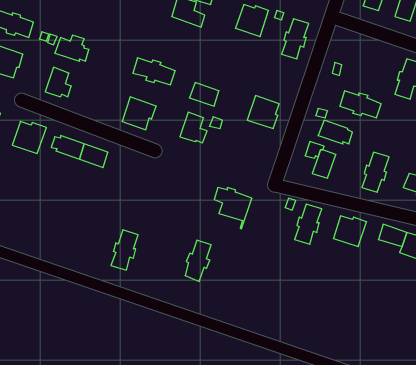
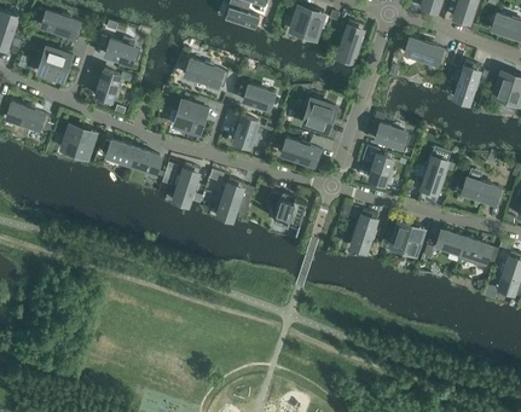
building: [340,91,381,118] -> [404,39,446,66]
building: none -> [280,139,322,167]
building: [111,230,138,270] -> [172,164,199,205]
building: [185,240,211,281] -> [216,179,243,221]

